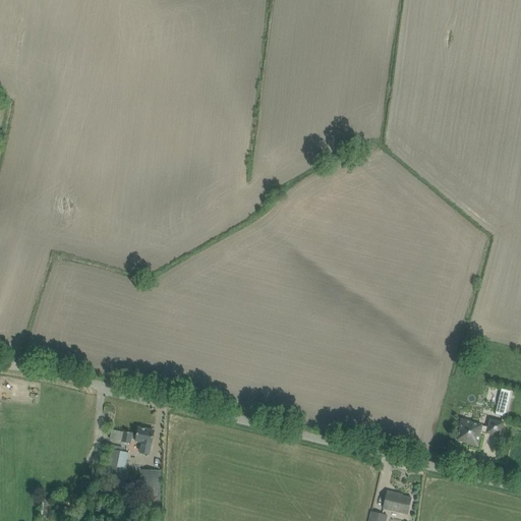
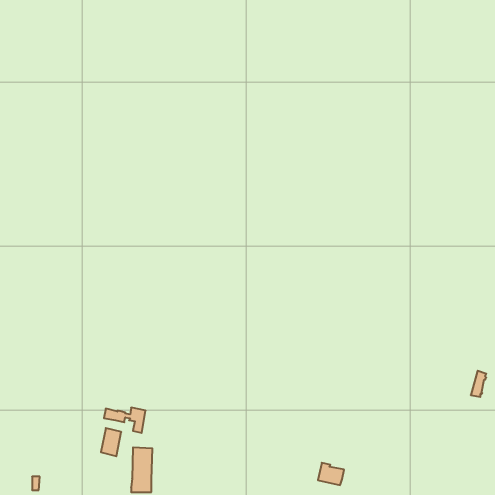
building: [456,418,503,446] -> none
building: [383,490,410,514] -> [318,463,344,485]

